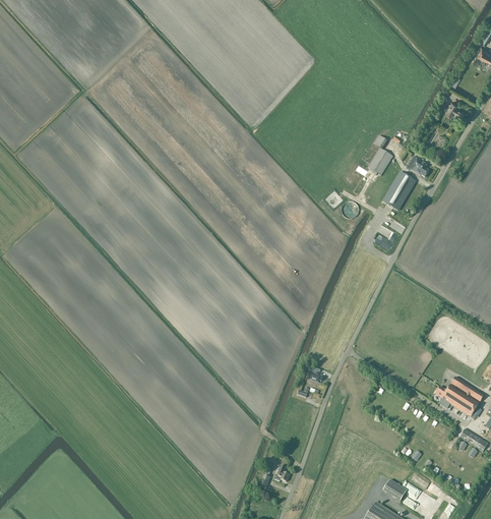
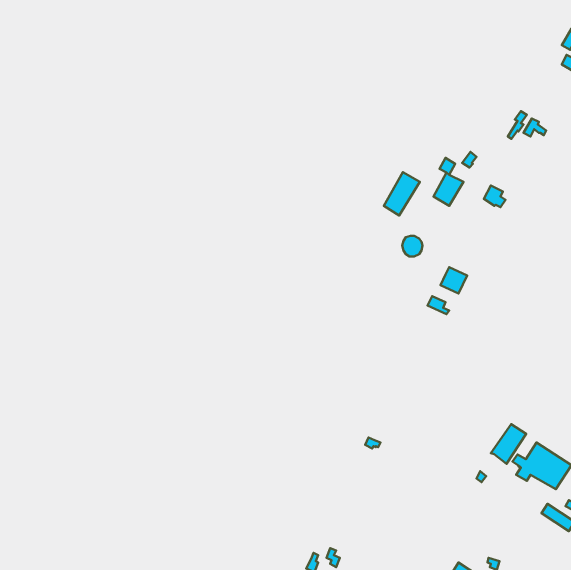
building: [384,173,415,210] -> [384,172,420,215]
building: none -> [491,424,526,464]

